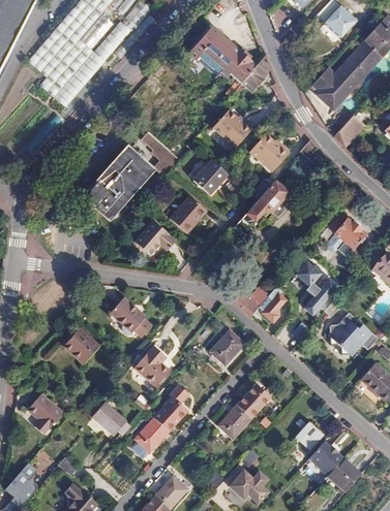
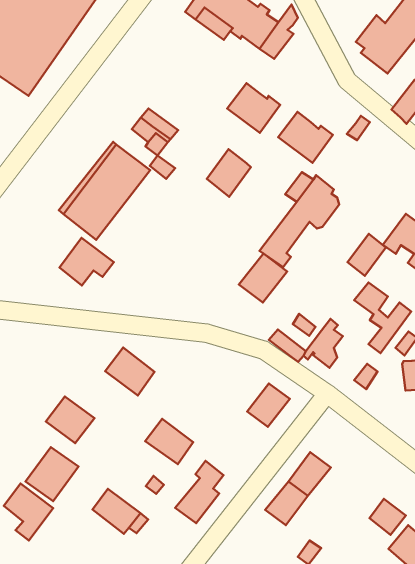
building: [172,195,208,231] -> [239,253,287,303]
building: [137,221,177,256] -> [60,238,114,285]
building: none -> [348,234,386,276]
building: none -> [25,447,79,501]
building: [136,418,169,451] -> none

